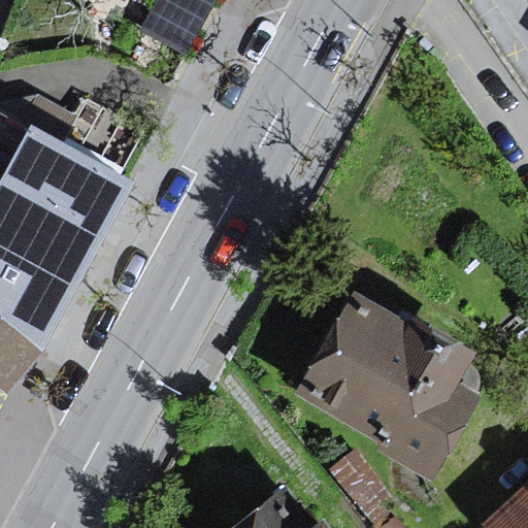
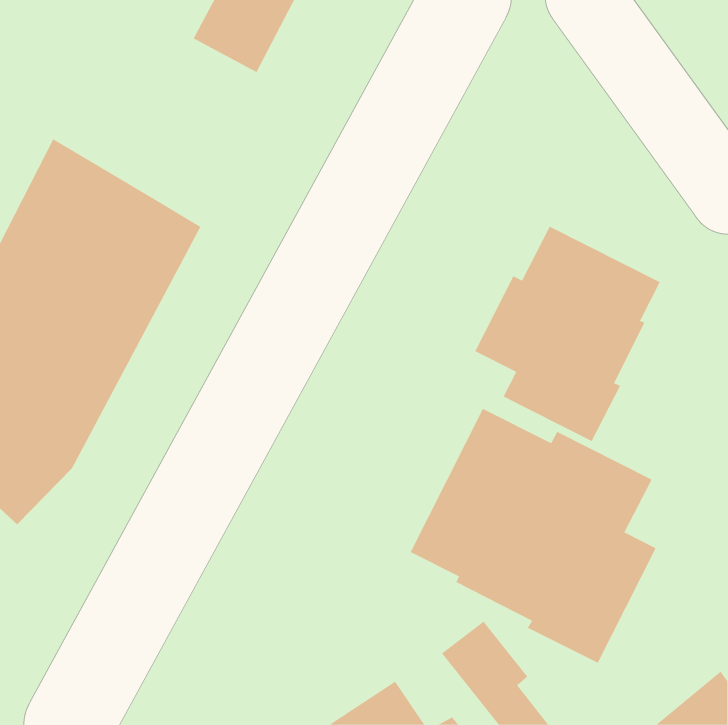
building: none -> [475,226,660,442]

